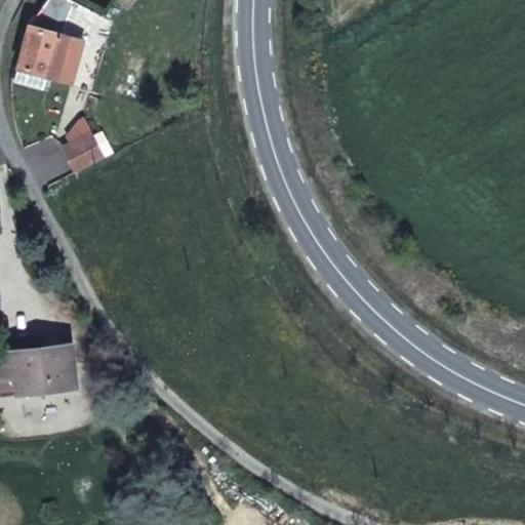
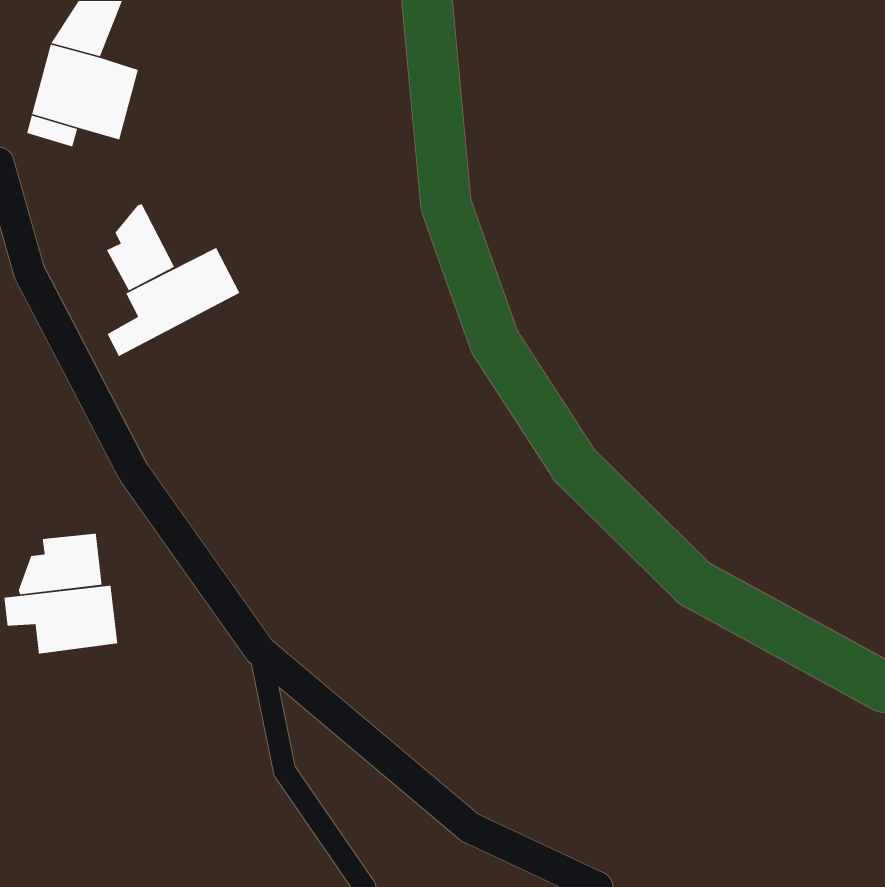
building: none -> [106,247,241,357]
building: none -> [18,533,103,595]

